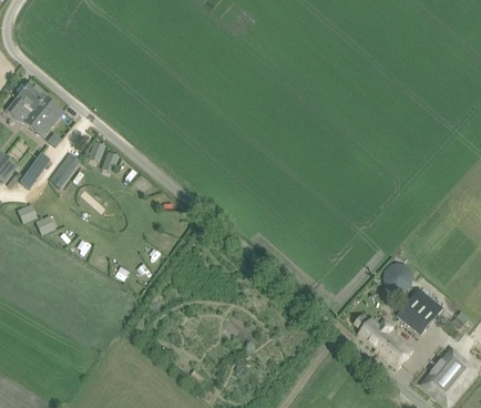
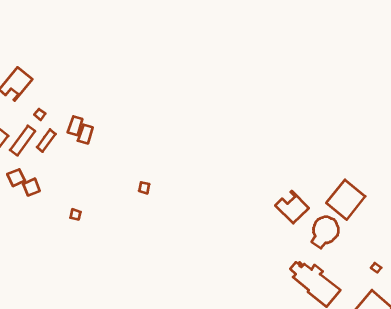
building: [25,96,63,135] -> none
building: none -> [275,191,309,223]
building: [396,286,442,334] -> [326,180,365,220]

